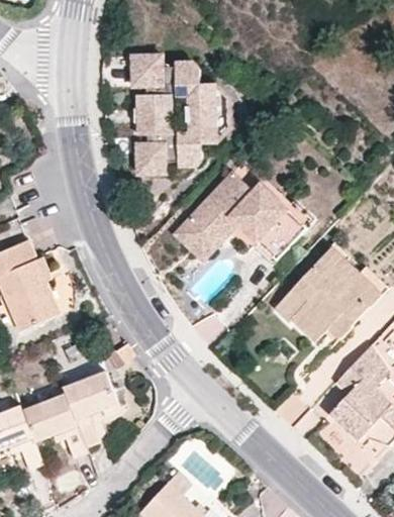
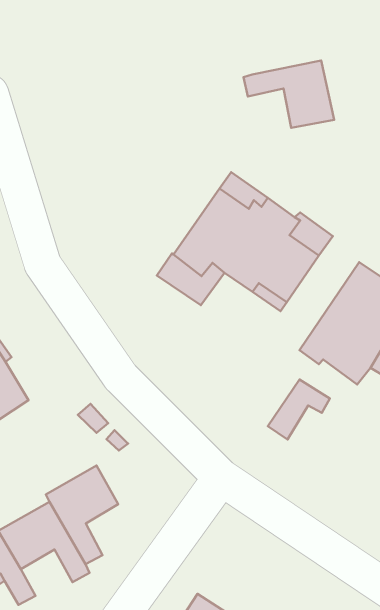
building: [131,53,232,174] -> none
building: none -> [243,60,334,128]
building: none -> [268,379,330,439]

